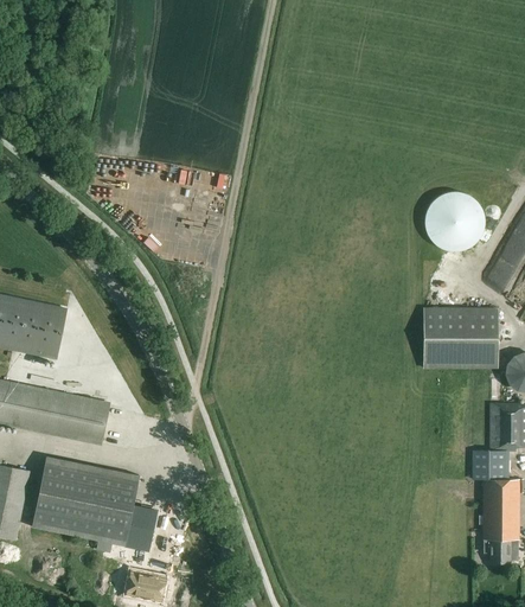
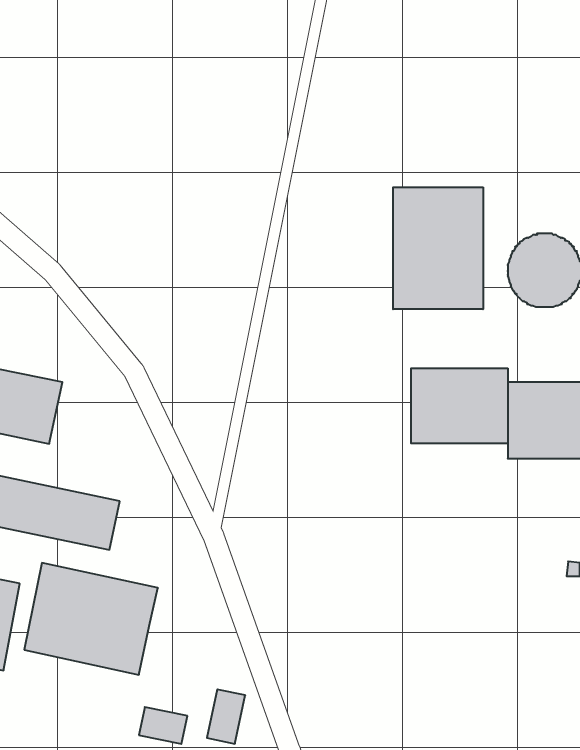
building: none -> [393,187,483,309]
building: none -> [411,368,508,443]
building: [126,505,156,549] -> [207,689,245,744]

